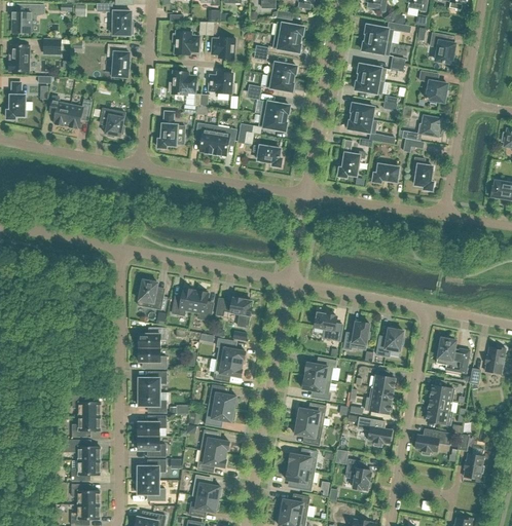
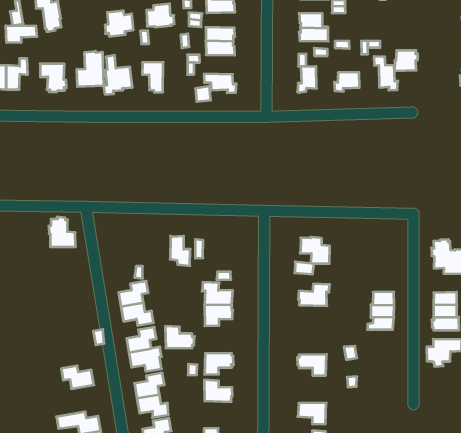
building: none -> [6,26,37,43]
building: none -> [77,51,103,87]
building: [417,115,442,137] -> [394,50,418,71]
building: [212,126,236,156] -> none
building: [137,278,162,309] -> [49,217,76,247]
building: [172,288,195,315] -> none
building: [230,297,252,327] -> none
building: [342,322,369,349] -> none
building: [375,327,403,356] -> none
building: [301,375,330,400] -> none
building: [209,384,237,409] -> [165,326,195,348]
building: [295,404,326,425] -> none
building: [72,416,100,436] -> none
building: [357,417,391,447] -> none
building: [196,449,225,472] -> none
building: [288,449,317,471] -> none
building: [344,459,370,489] -> none

